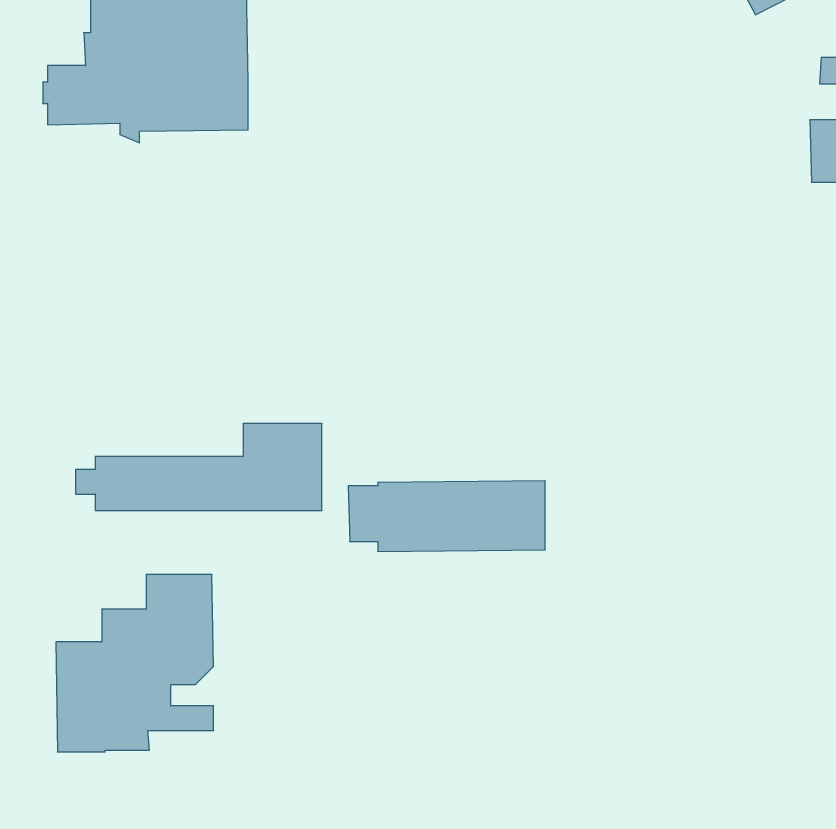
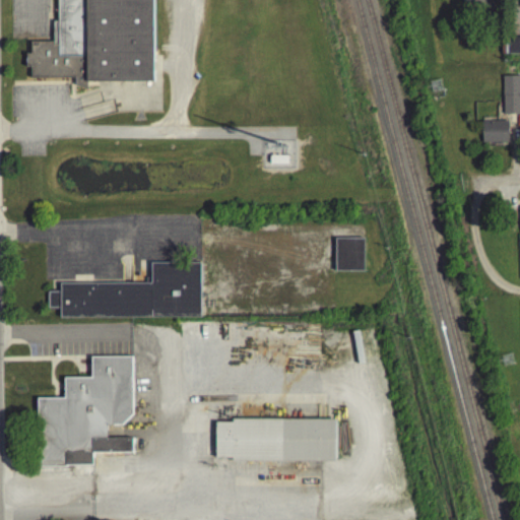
building: none -> [482,119,510,141]
building: none -> [336,237,366,270]
building: [348,481,545,551] -> [215,417,337,461]

